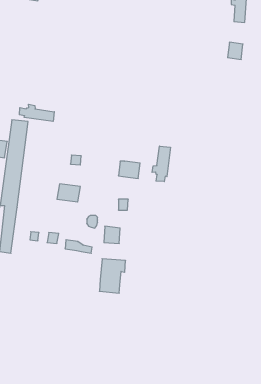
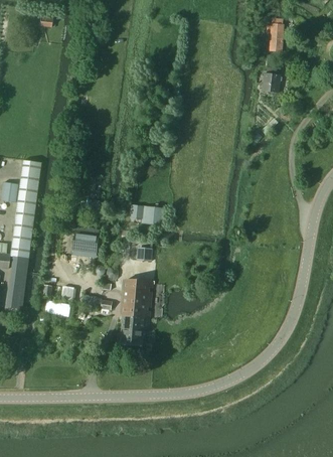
building: [19,104,54,121] -> none
building: [152,146,170,182] -> none
building: none -> [123,281,154,317]

